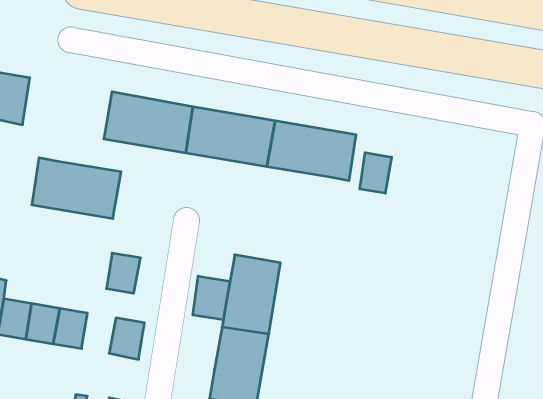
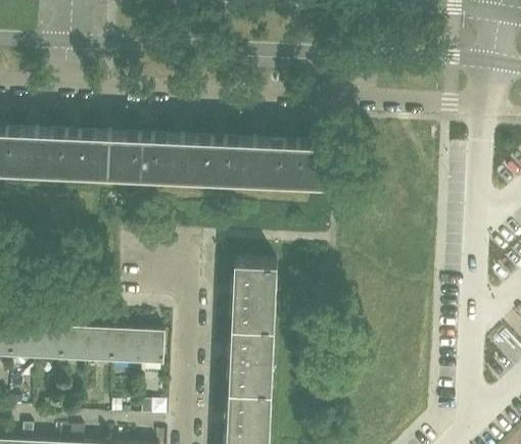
building: [360,153,392,193] -> none
building: [32,158,121,219] -> [34,132,108,177]
building: [106,253,141,293] -> [110,331,137,363]
building: [193,276,230,320] -> none

